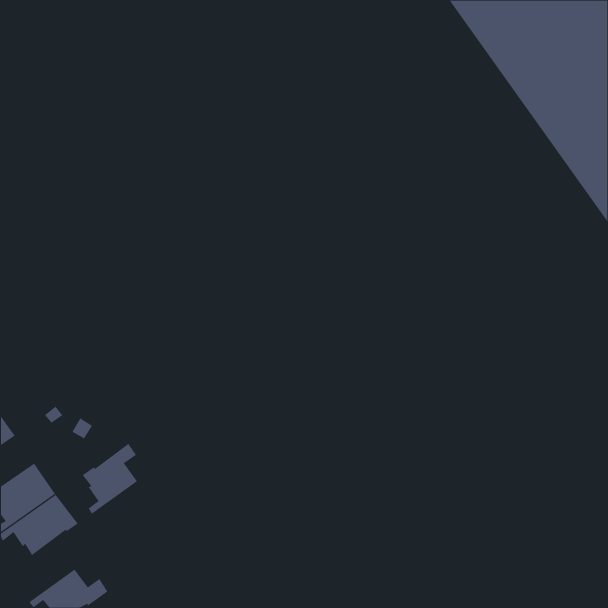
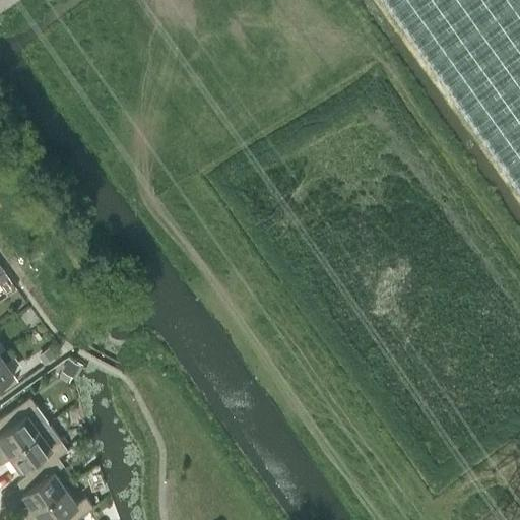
building: [82,443,138,514] -> [16,453,64,514]

